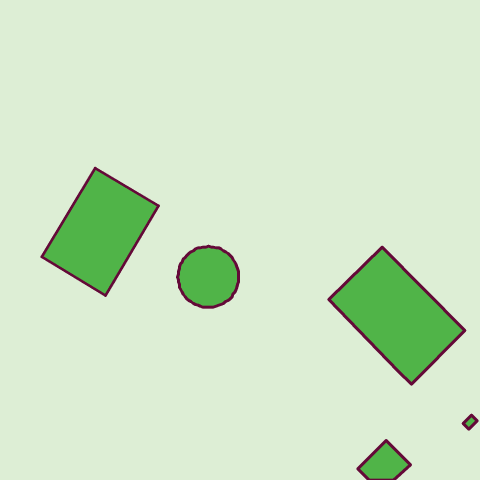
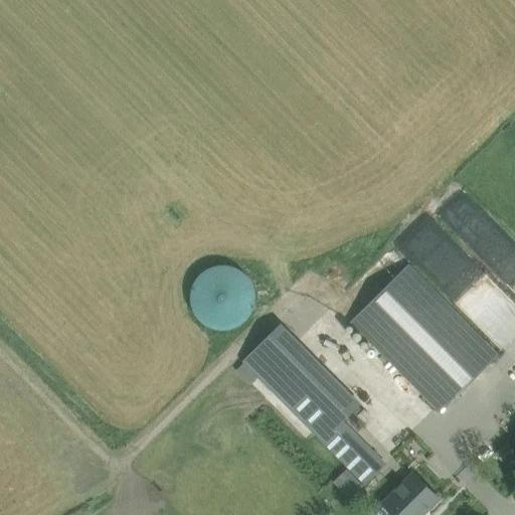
building: [42,168,158,295] -> none
building: none -> [236,324,385,499]

